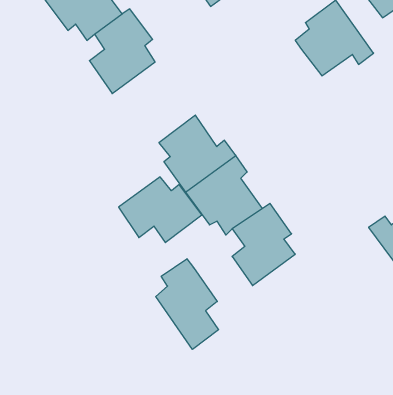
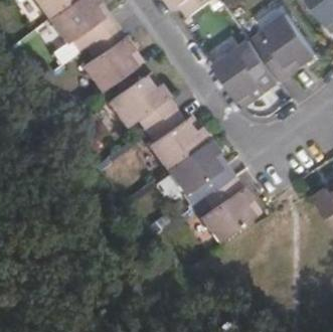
building: none -> [213,49,280,103]
building: [119,177,202,243] -> [108,75,174,128]
building: [156,259,219,349] -> none

